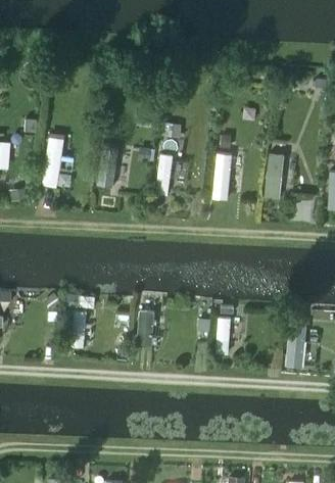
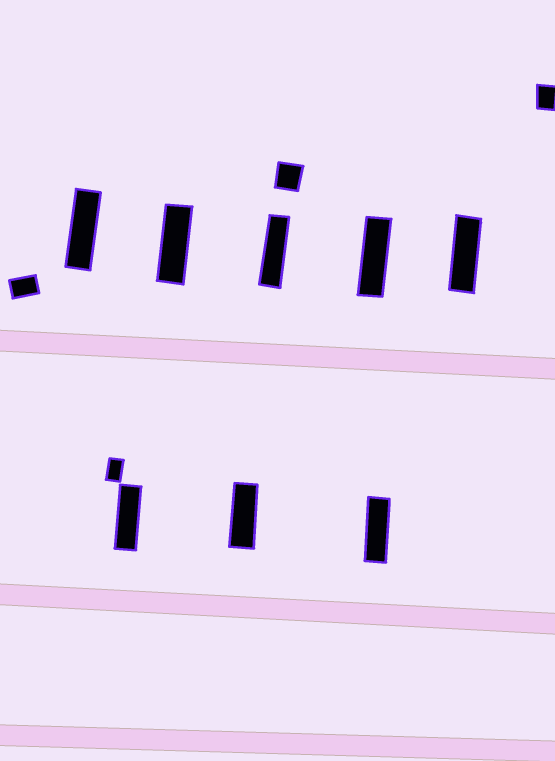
building: [285,325,307,370] -> none

